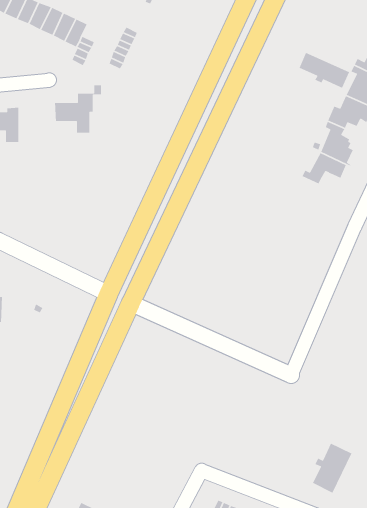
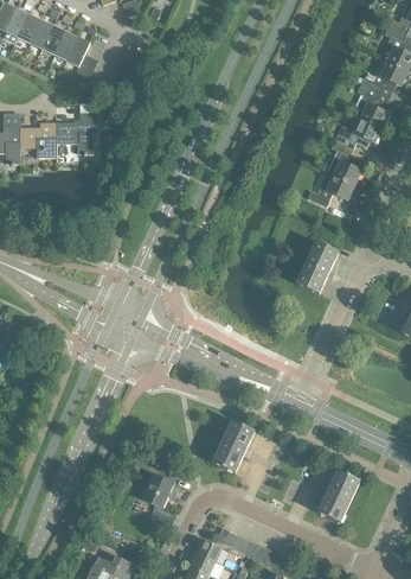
building: [299,52,350,89] -> none
building: none -> [20,122,57,158]
building: none -> [296,241,339,294]
building: none -> [213,420,255,473]
building: none -> [142,475,176,524]

